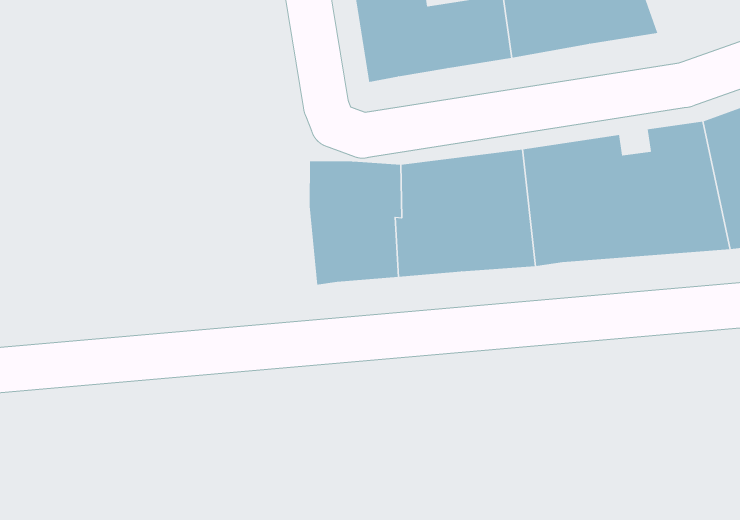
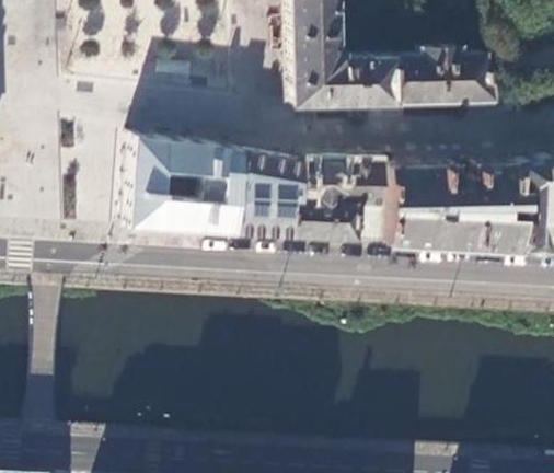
building: none -> [137,137,249,235]

